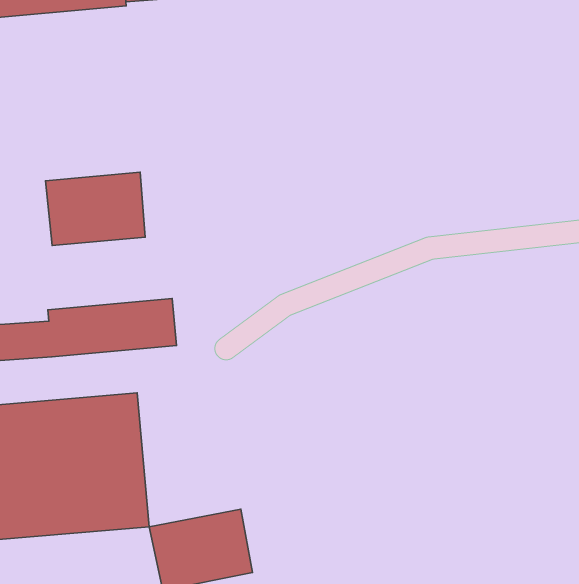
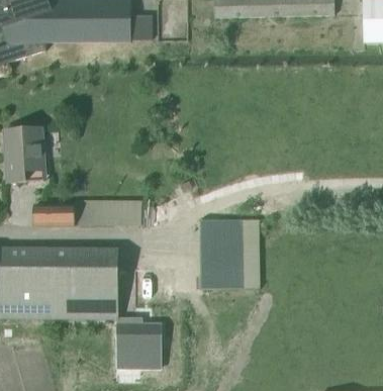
building: [45,172,145,246] -> none
building: none -> [200,218,259,289]

